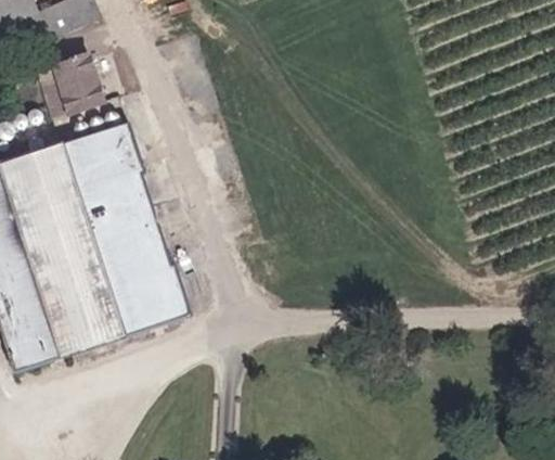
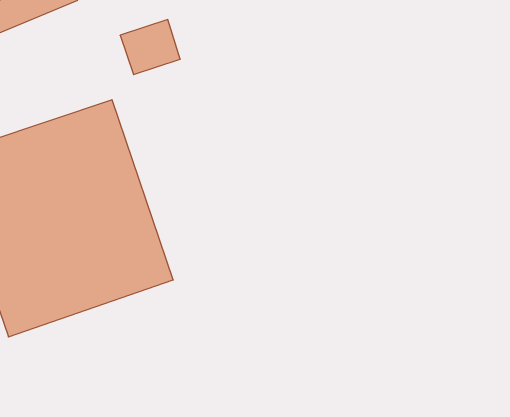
building: [35,54,98,112] -> [120,20,180,75]

